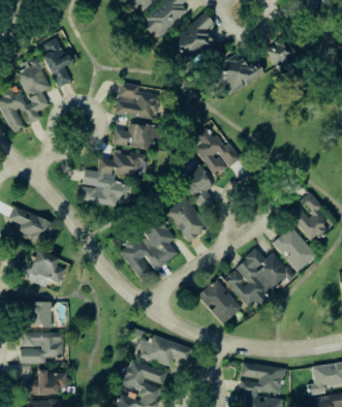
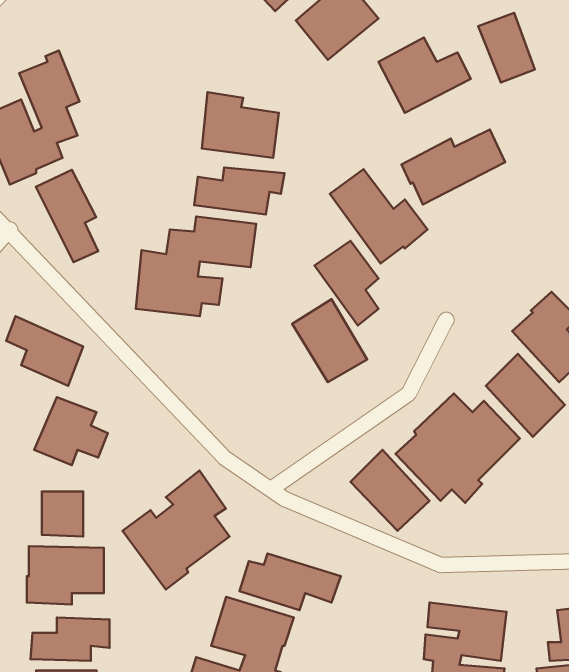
building: [37,37,71,88] -> [36,170,98,262]
building: none -> [402,129,505,205]
building: [119,218,178,283] -> [122,471,230,589]

